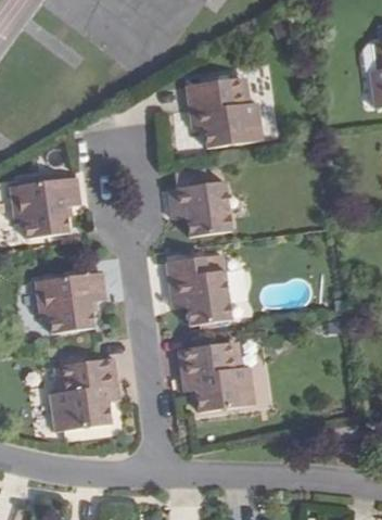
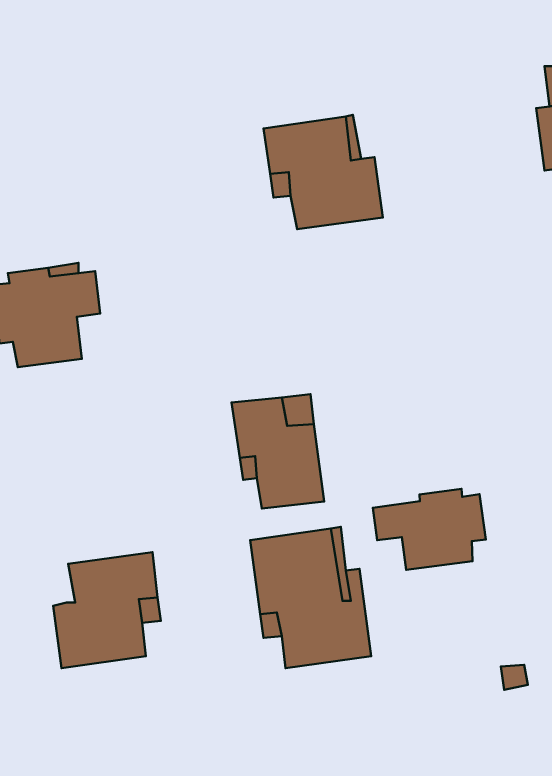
building: [169,170,233,234] -> none
building: [37,270,106,332] -> none
building: none -> [373,489,486,570]

